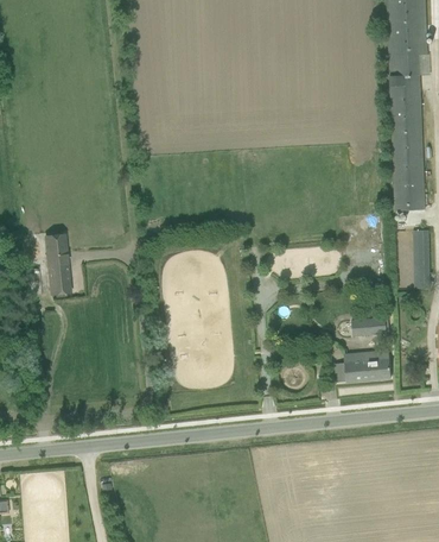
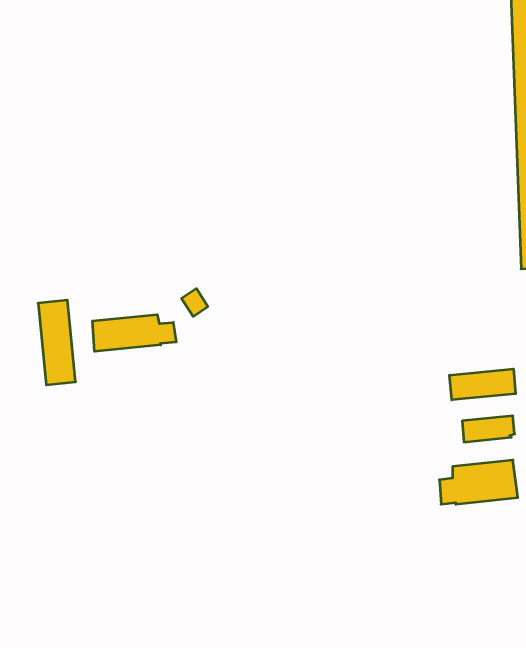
building: none -> [93,315,176,351]
building: none -> [450,369,516,400]

